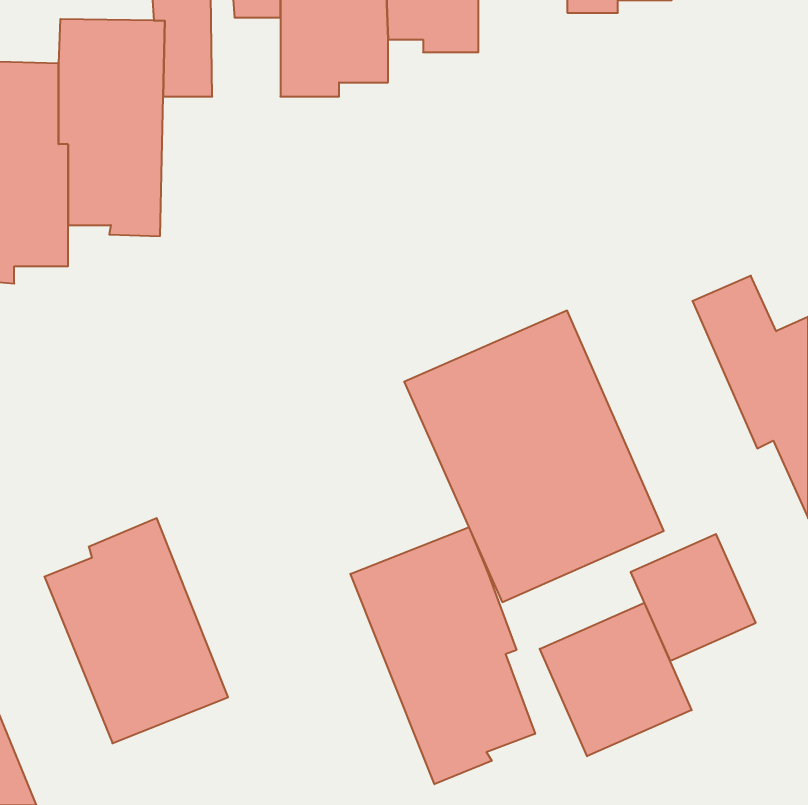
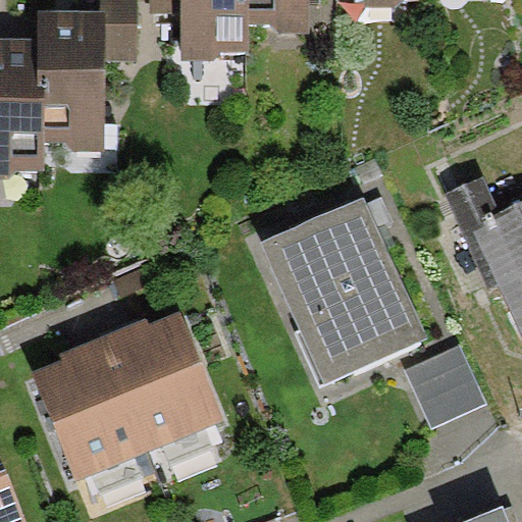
building: none -> [101,309,222,449]
building: [350,527,535,784] -> none
building: [540,603,692,756] -> none

